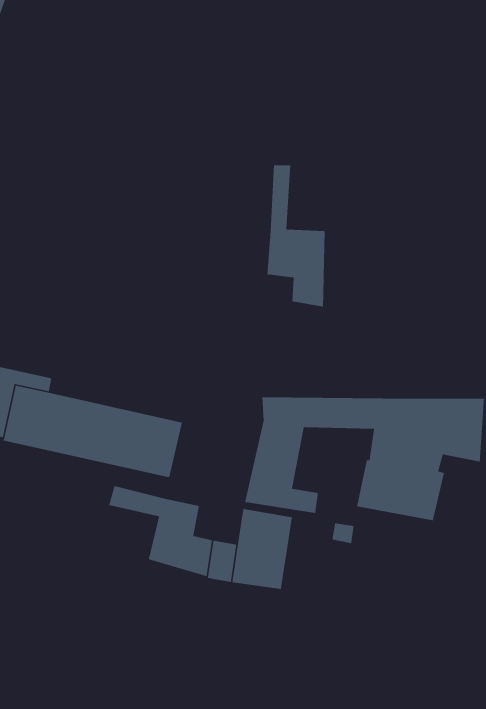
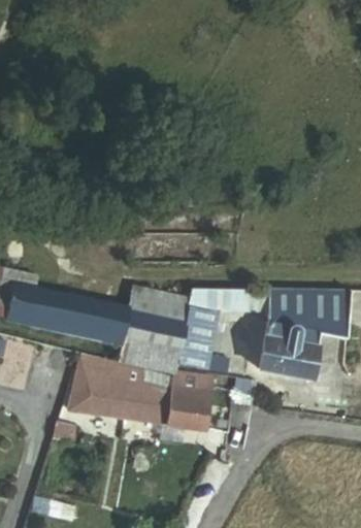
building: [266,165,326,307] -> none
building: none -> [121,294,191,374]
building: none -> [72,367,116,405]

